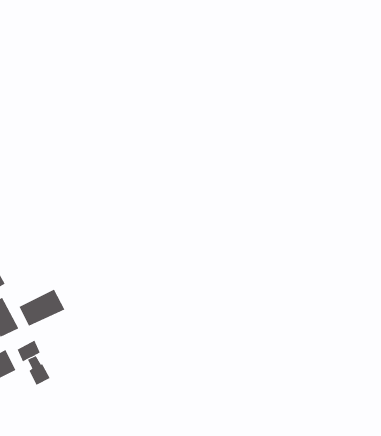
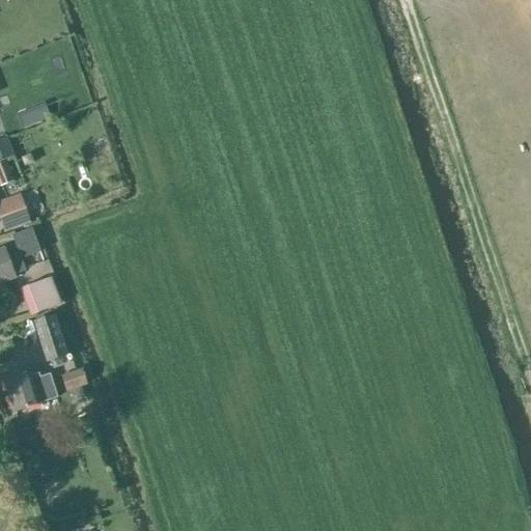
building: [19,289,65,327] -> none

